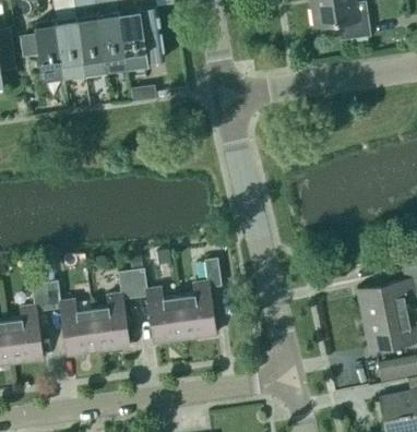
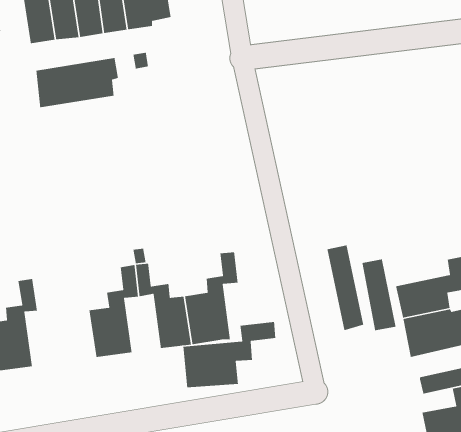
building: none -> [36,57,119,108]
building: none -> [326,244,364,331]
building: none -> [361,259,397,331]
building: [44,281,98,356] -> none
building: none -> [183,321,276,388]

